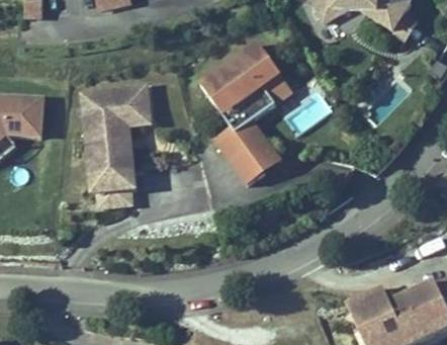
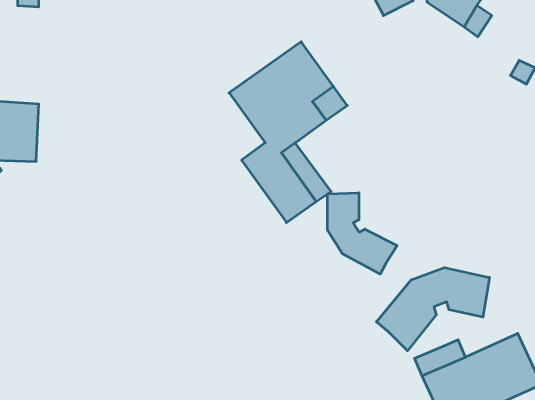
building: [77,80,151,212] -> none
building: none -> [327,193,397,274]
building: none -> [376,268,489,351]

